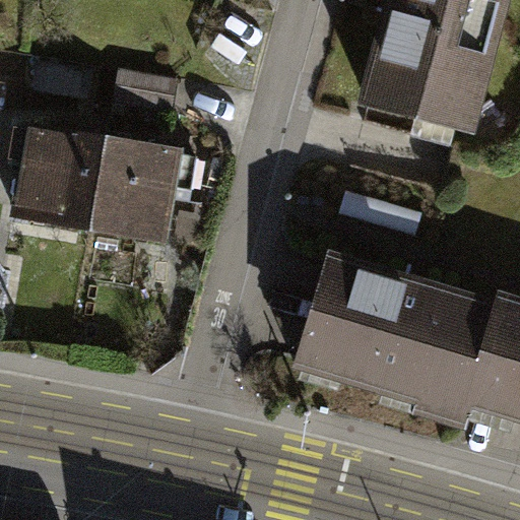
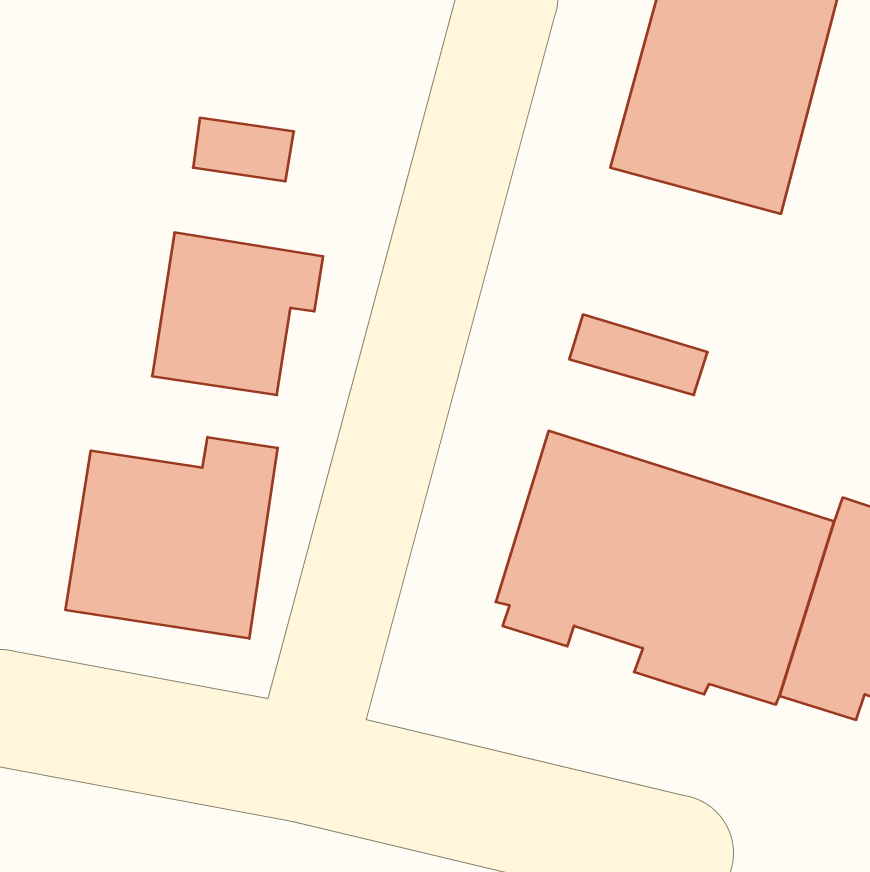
building: [9,125,106,223] -> none
building: none -> [66,437,278,639]

